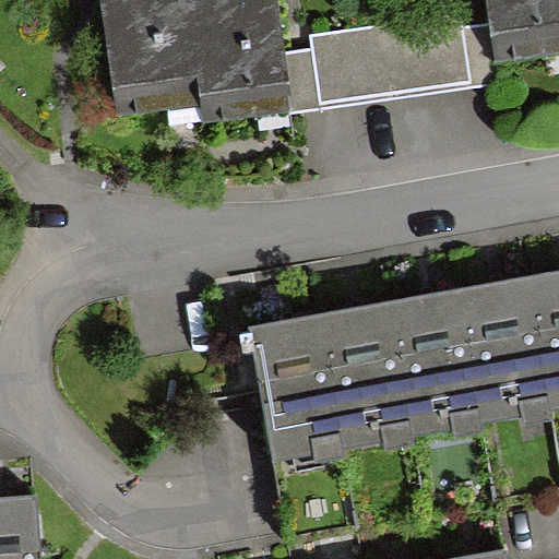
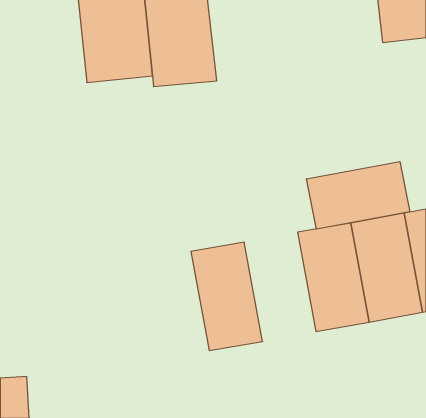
building: [302,13,480,104] -> none
building: none -> [307,162,410,229]
building: [320,305,414,448] -> none

